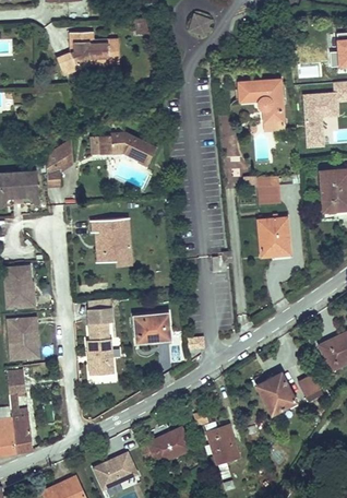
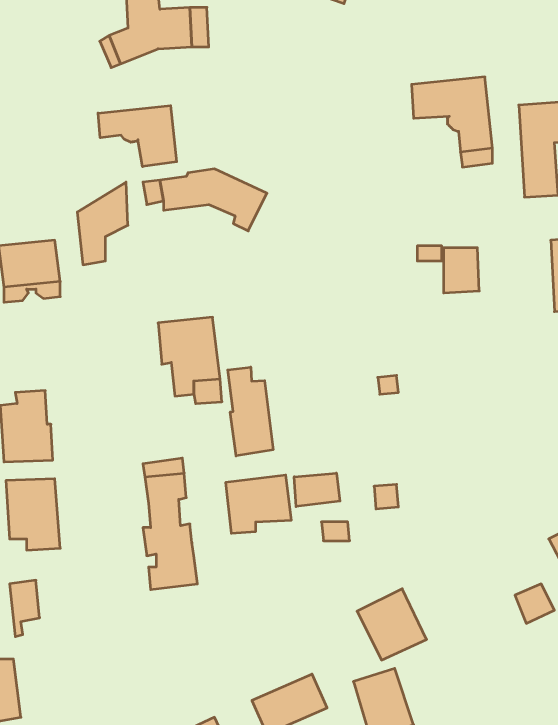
building: none -> [98,106,177,167]
building: [259,218,289,257] -> none
building: none -> [228,367,273,456]
building: none -> [294,473,340,507]
building: [256,374,297,415] -> [357,589,427,660]
building: [9,407,32,451] -> none

